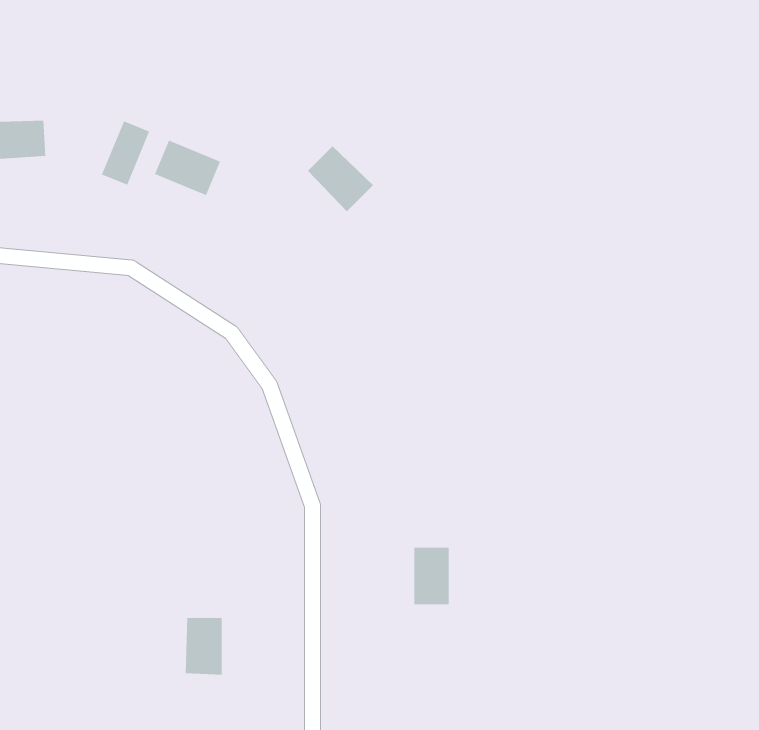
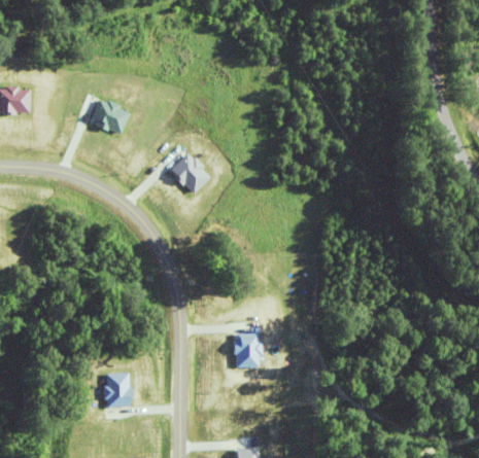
building: [101,120,150,186] -> none
building: [307,146,374,212] -> [172,154,210,192]

